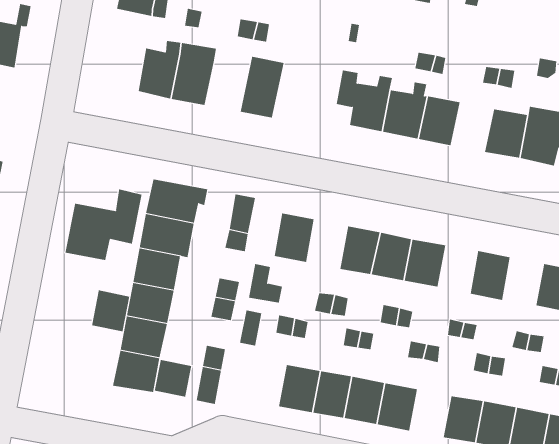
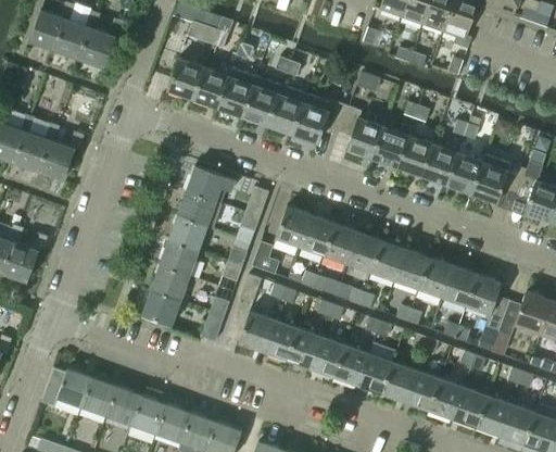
building: none -> [168,59,204,99]
building: none -> [242,76,282,126]
building: none -> [291,95,344,145]
building: none -> [421,139,459,185]
building: [65,188,142,261] -> none
building: none -> [300,215,334,255]
building: none -> [395,250,429,289]
building: none -> [442,266,477,305]
building: [91,289,130,332] -> none
building: none -> [238,312,273,351]
building: [154,359,192,397] -> none
building: none -> [357,354,392,393]

